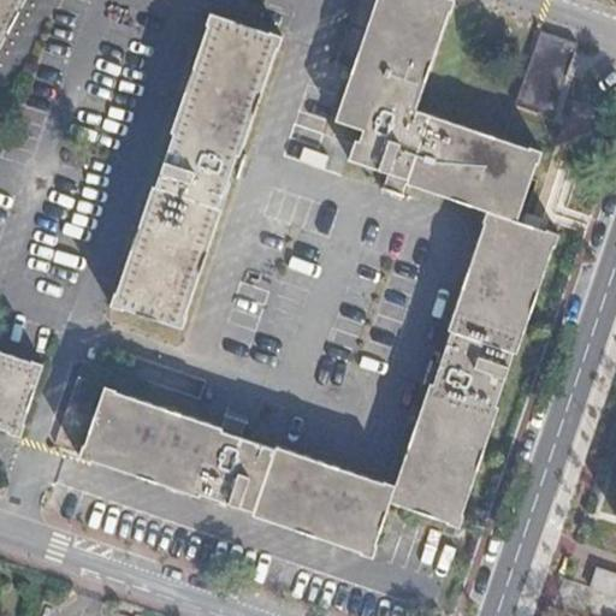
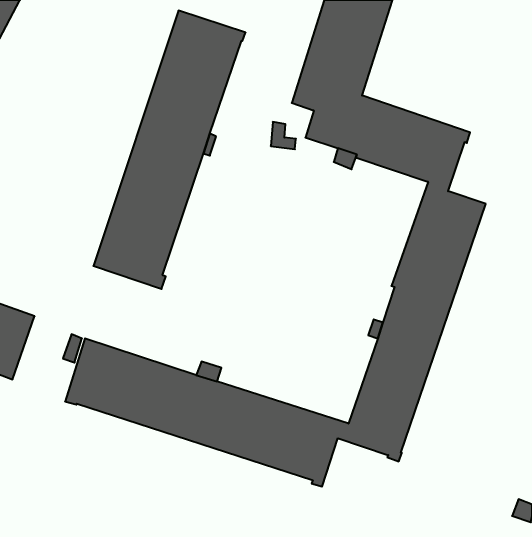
building: [510,31,574,120] -> none

